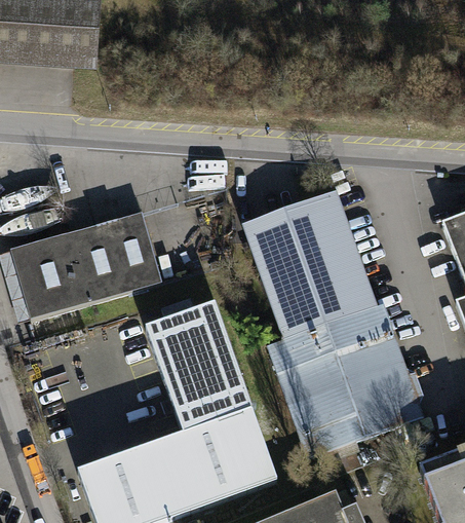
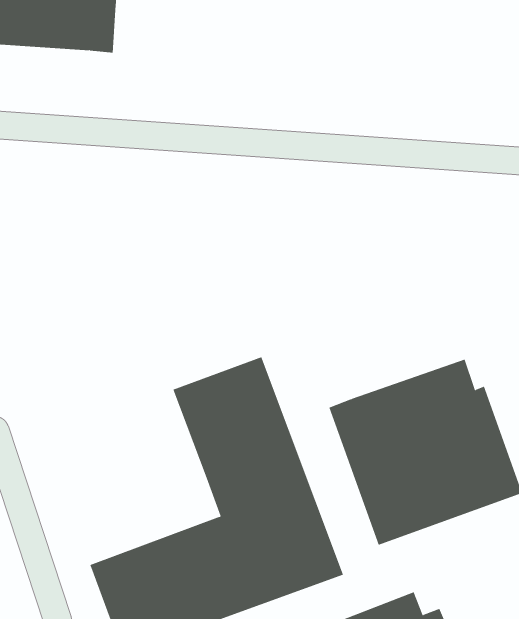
building: [245,191,378,338] -> none
building: [11,211,162,319] -> none

